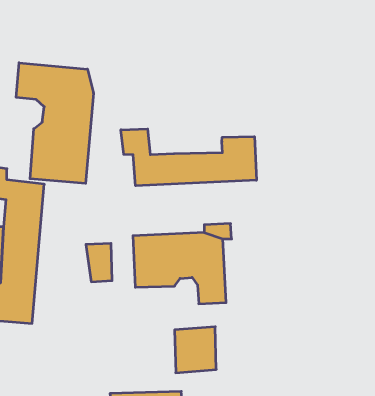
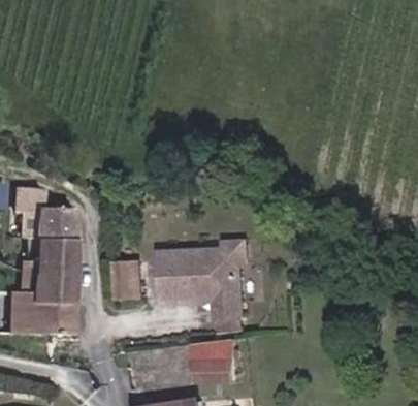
building: [16,63,93,183] -> none
building: [121,129,256,186] -> none

